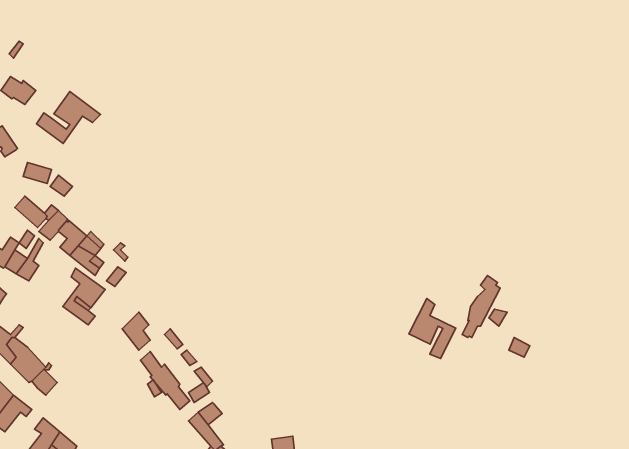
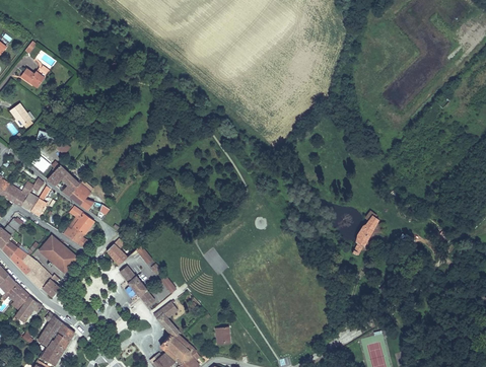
building: [37,91,100,143] -> none
building: [409,299,456,359] -> none
building: none -> [38,234,79,274]

